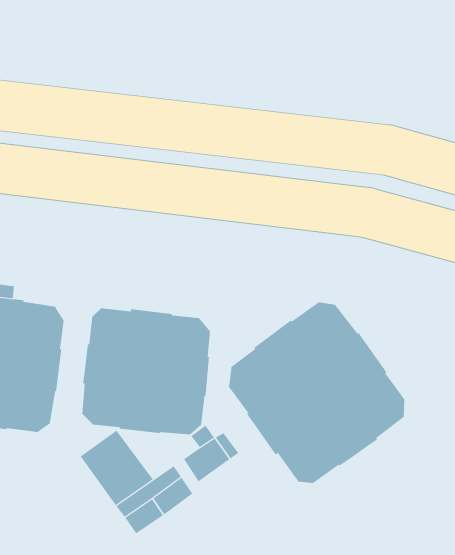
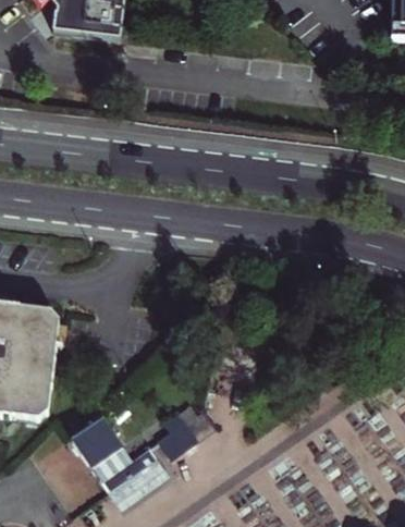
building: [229,302,405,484] -> none
building: [82,308,211,435] -> none

